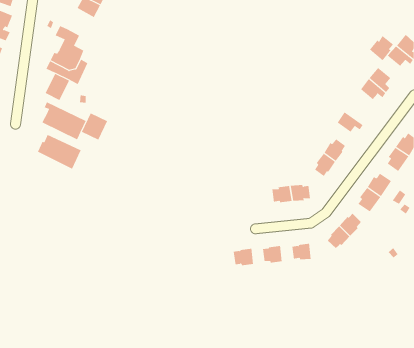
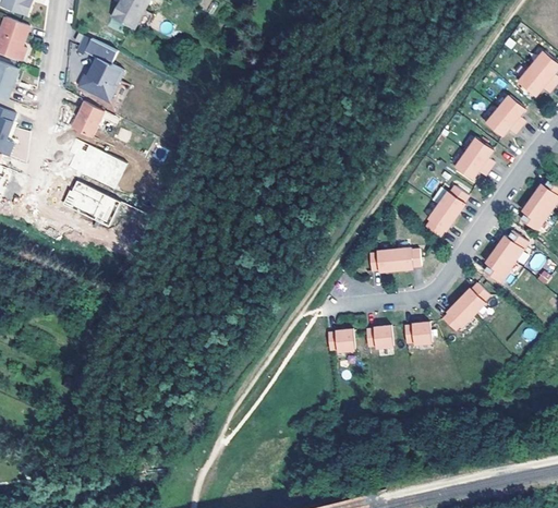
building: [369,35,394,61] -> none
building: none -> [463,136,493,169]
building: [81,113,108,141] -> none

